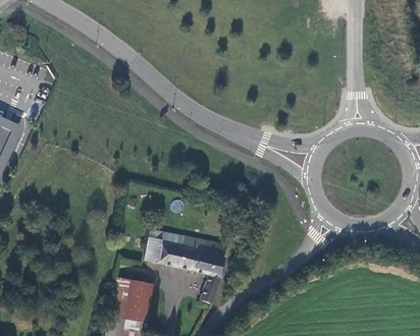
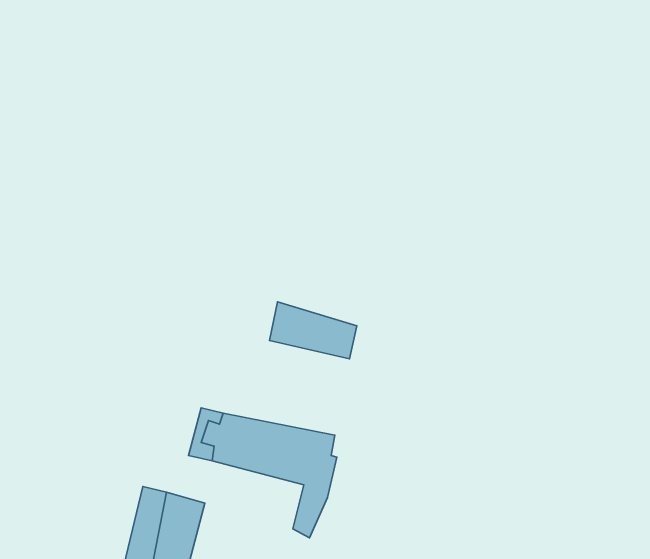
building: none -> [269,302,357,359]

